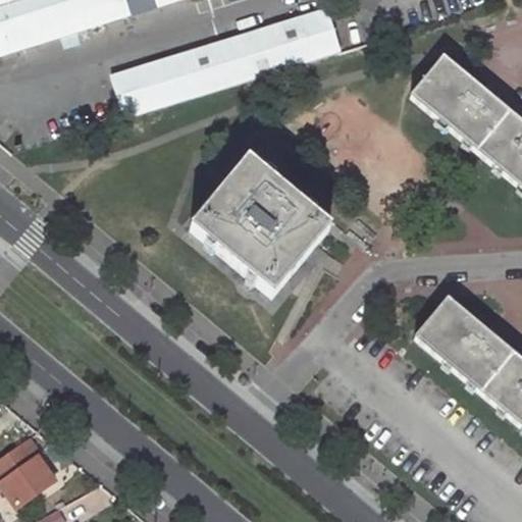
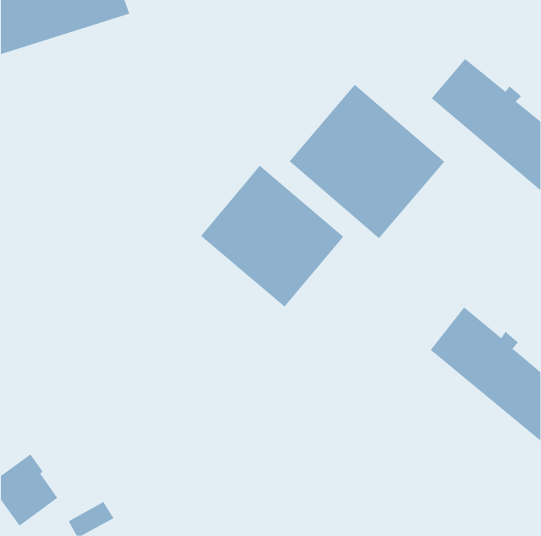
building: [115,7,333,115] -> none
building: none -> [289,84,445,239]

